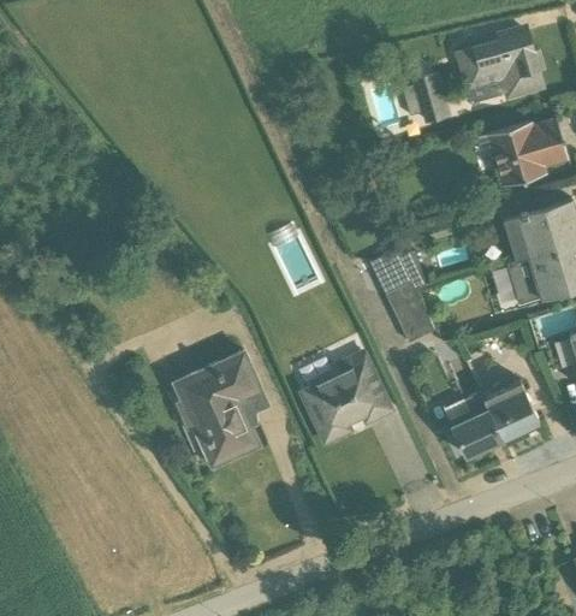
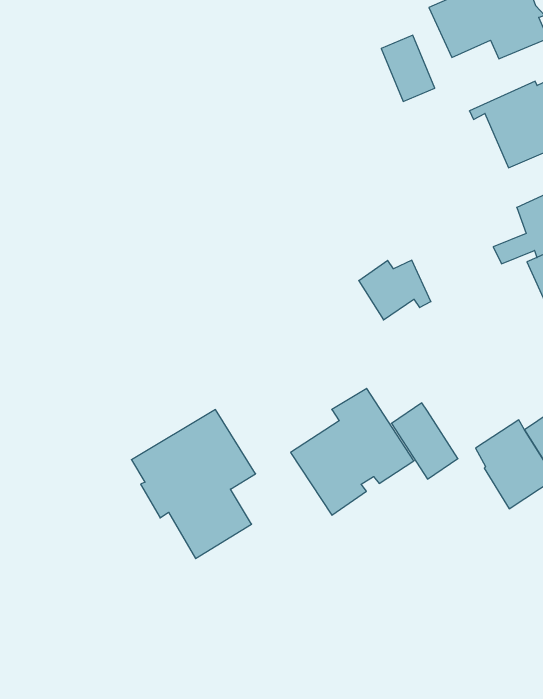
building: [385,283,434,344] -> [391,403,458,479]

